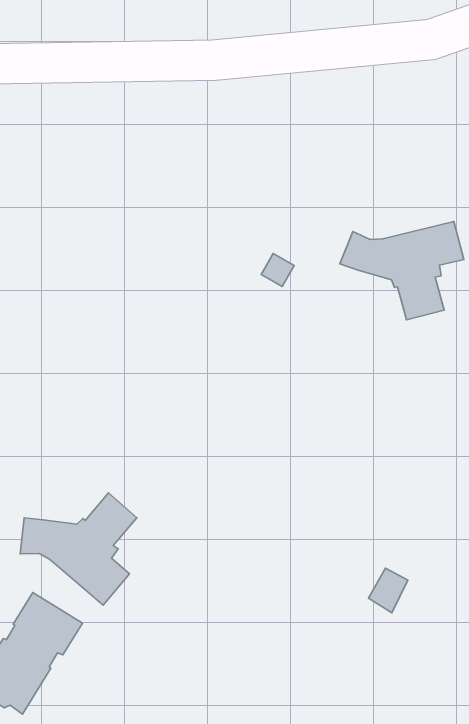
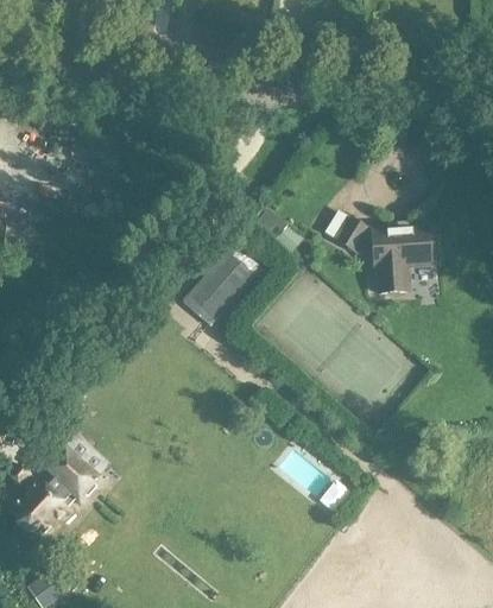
building: none -> [189,251,251,314]
building: [20,493,137,605] -> none

